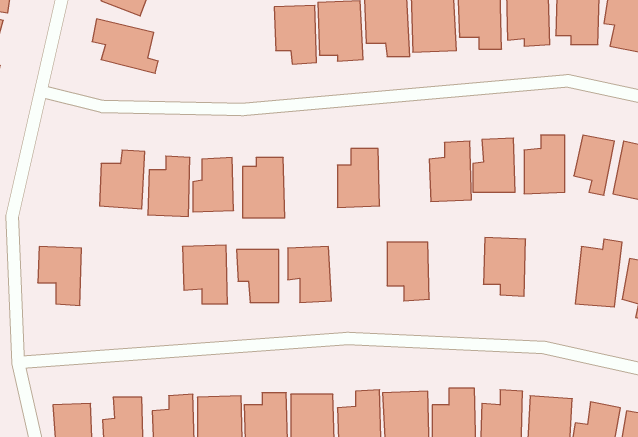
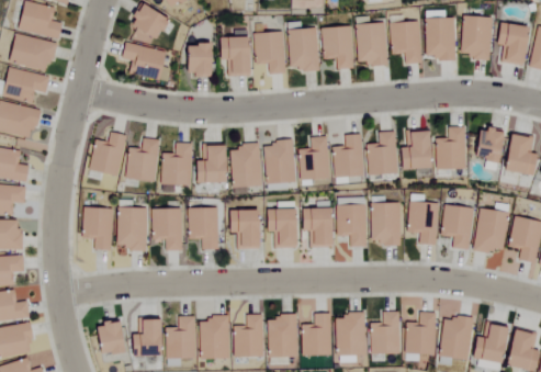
building: none -> [217,37,249,76]
building: none -> [184,45,208,77]
building: none -> [91,132,125,174]
building: none -> [334,134,365,177]
building: none -> [264,140,297,183]
building: none -> [370,202,402,246]
building: none -> [440,204,474,249]
building: none -> [117,206,148,249]
building: none -> [300,206,330,246]
building: none -> [153,207,184,250]

